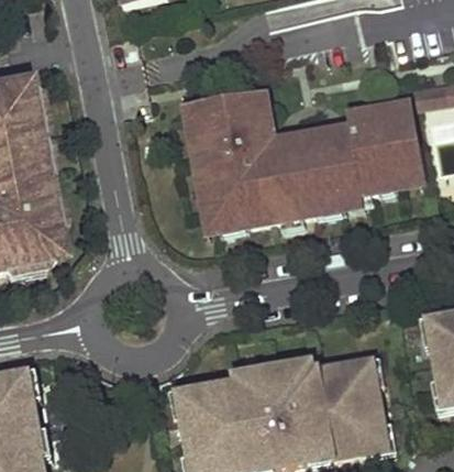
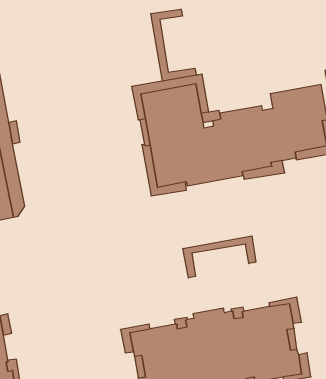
building: none -> [151,9,196,81]
building: none -> [183,236,256,278]

